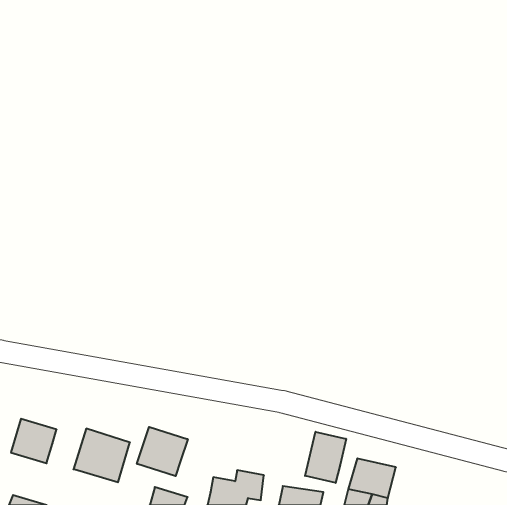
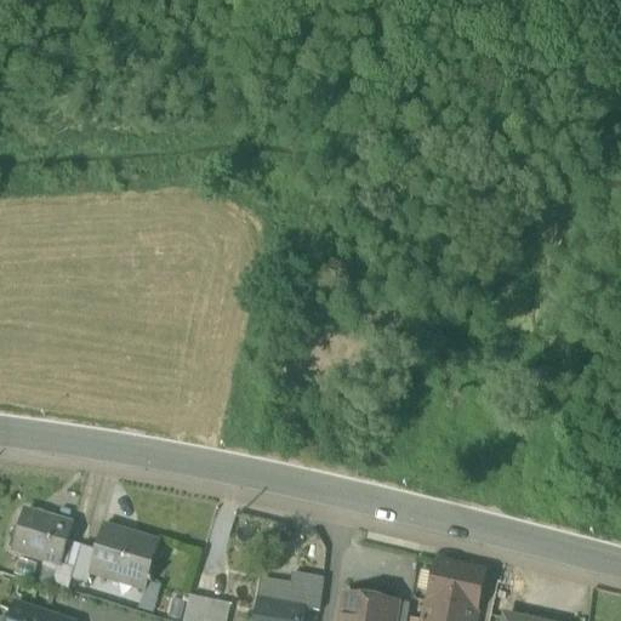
building: [137,427,188,476] -> none
building: [305,432,346,483] -> none
building: none -> [57,542,97,582]

